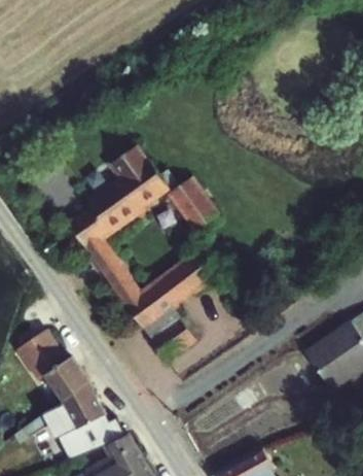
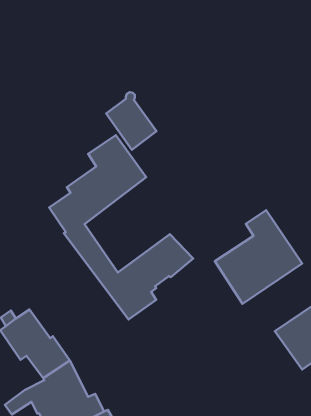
building: [168,172,220,233] -> [106,92,156,150]
building: none -> [215,210,302,304]

